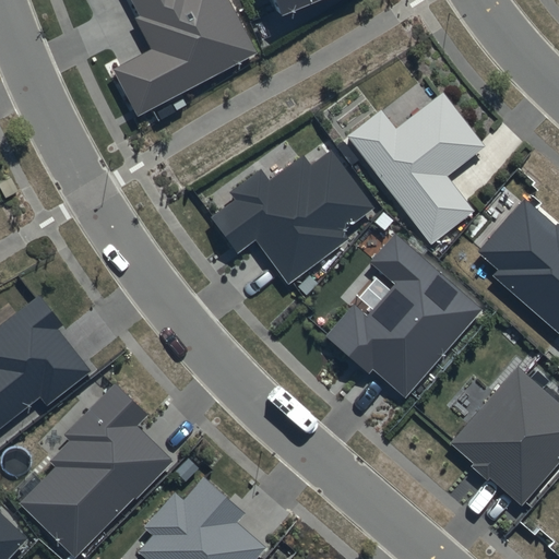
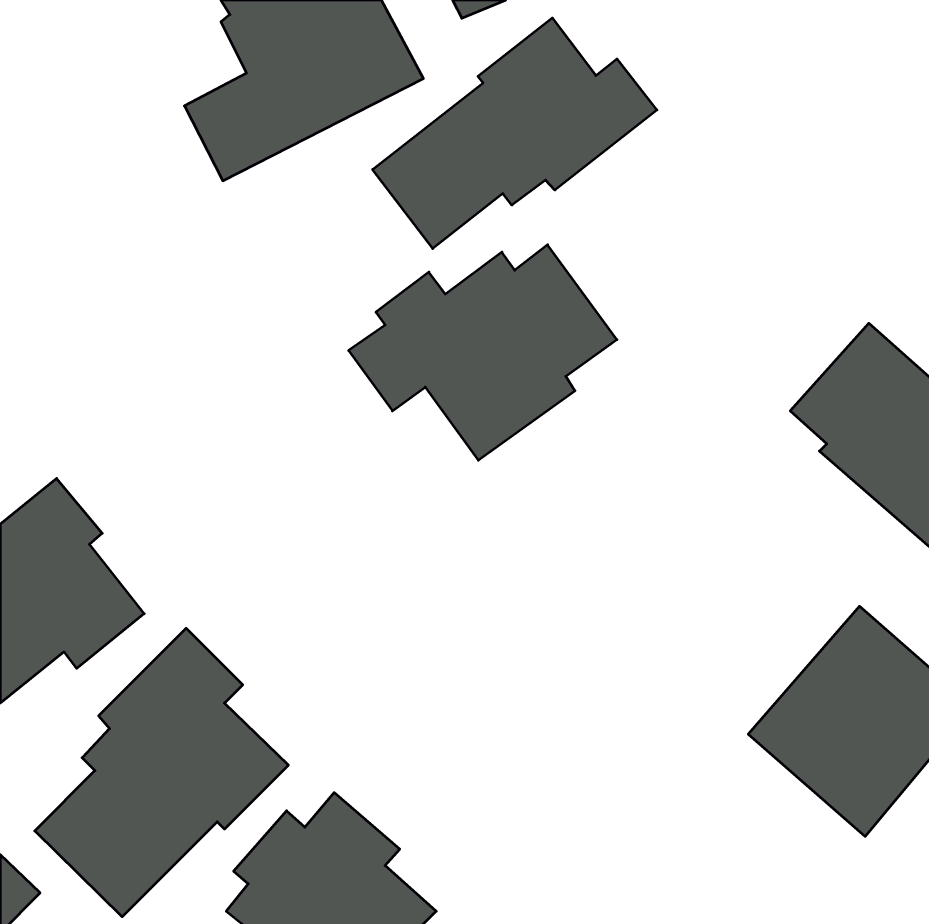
building: none -> [373,18,657,249]
building: [348,92,484,242] -> none
building: [324,234,481,396] -> none

